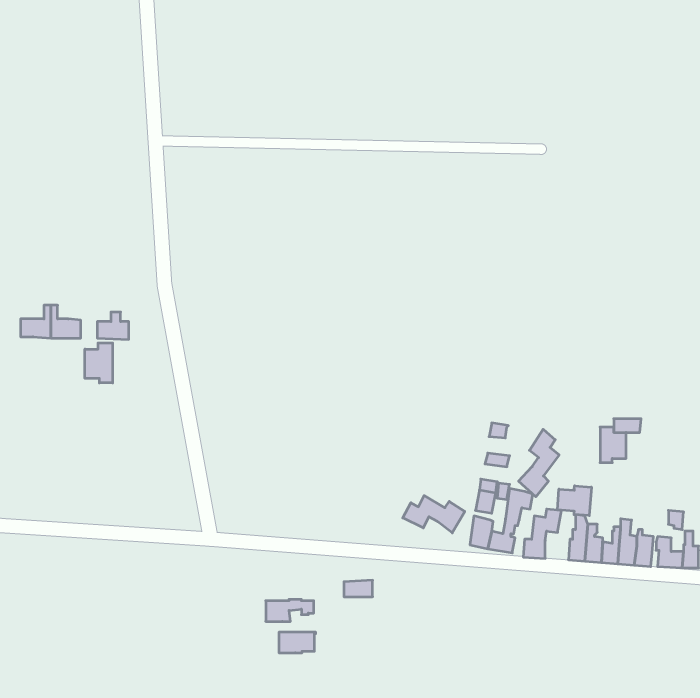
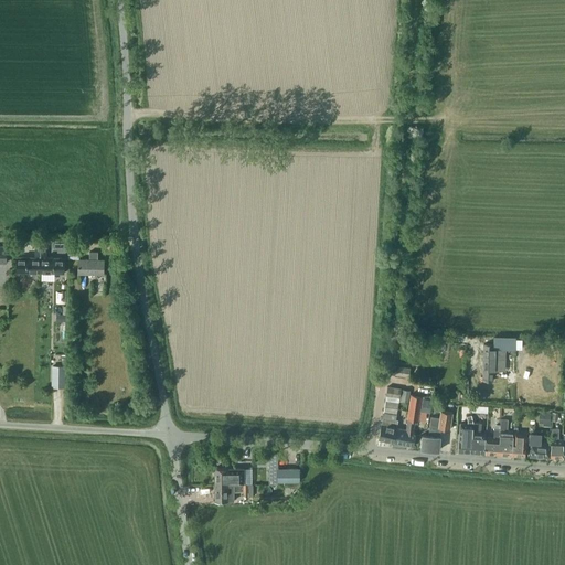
building: [85,343,113,383] -> none
building: [519,429,559,497] -> none
building: [557,486,591,516] -> none
building: [403,496,465,533] -> none
building: [279,632,316,653] -> [214,469,244,486]

